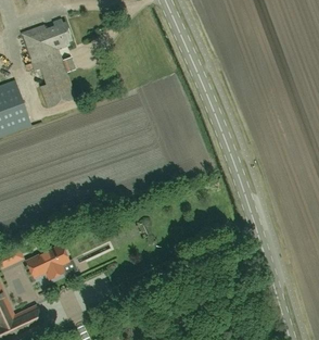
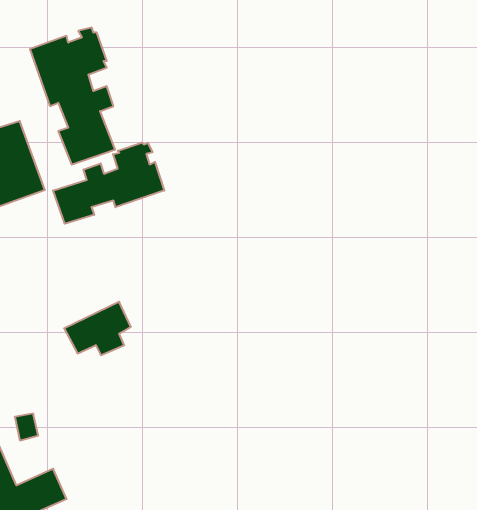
building: none -> [53,142,164,224]
building: [25,243,68,278] -> [64,302,131,355]

